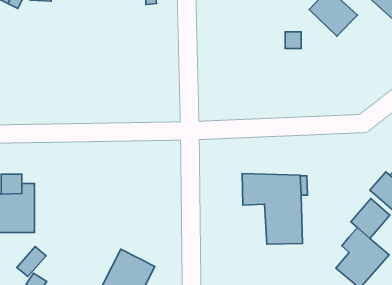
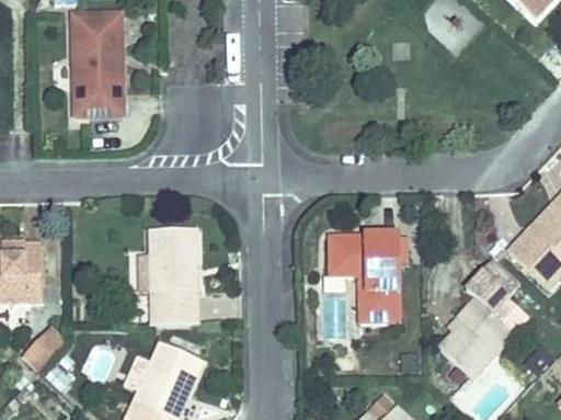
building: none -> [67,23,124,133]
building: none -> [147,224,201,322]

